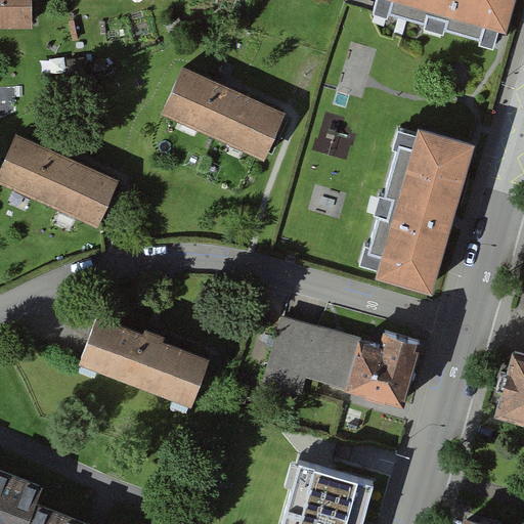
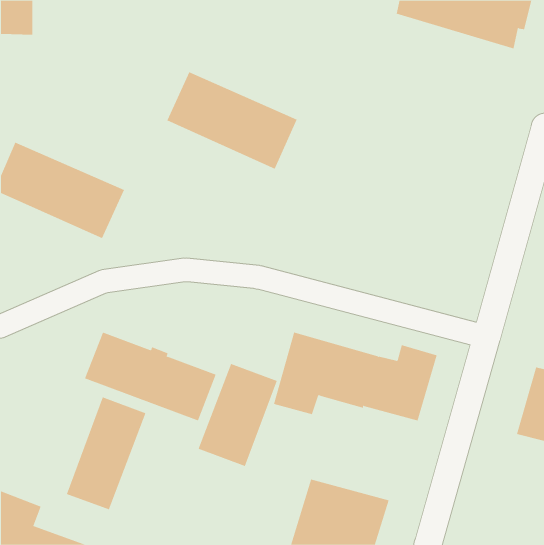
building: [366,130,471,286] -> none
building: none -> [198,363,278,467]
building: none -> [66,396,146,510]

